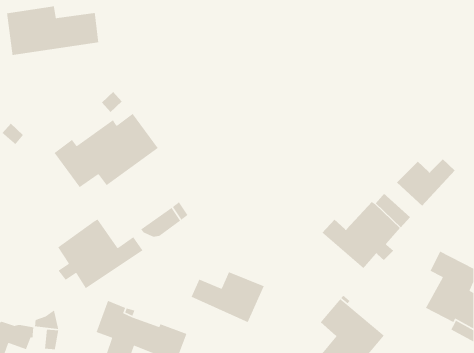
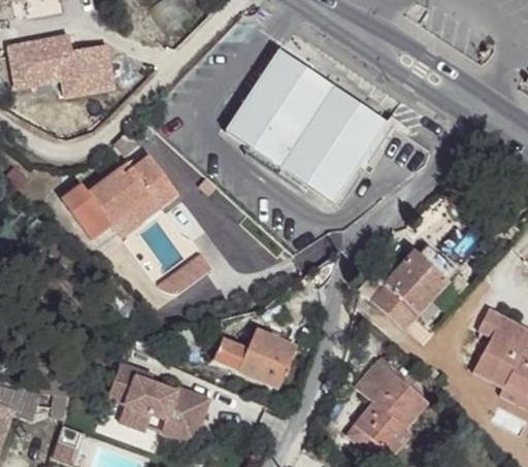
building: none -> [225,51,398,204]
building: [396,159,456,207] -> none
building: [57,219,143,289] -> none

